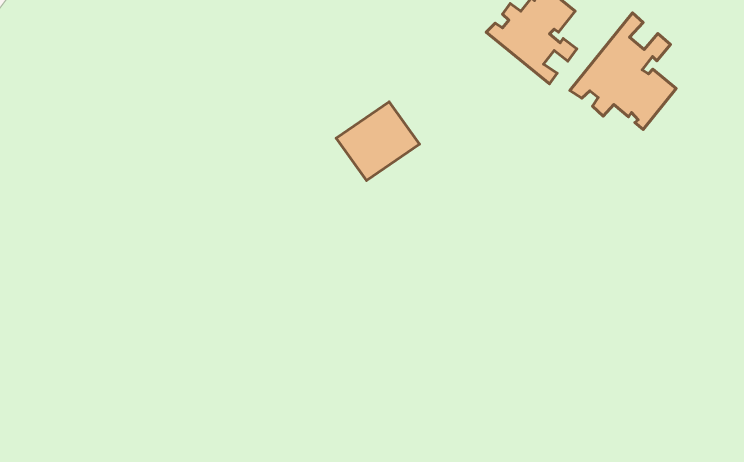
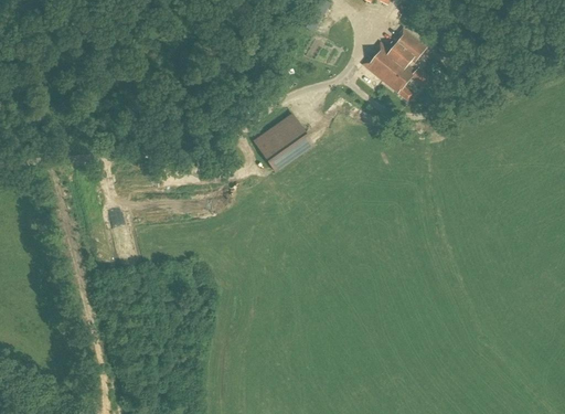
building: [570,13,676,129] -> none

